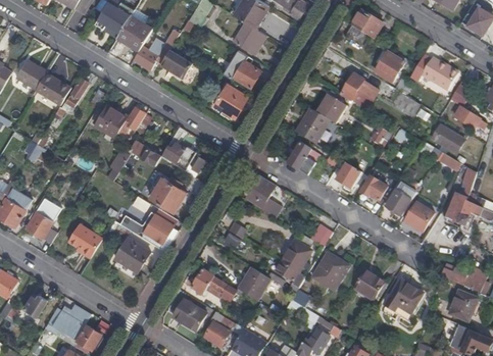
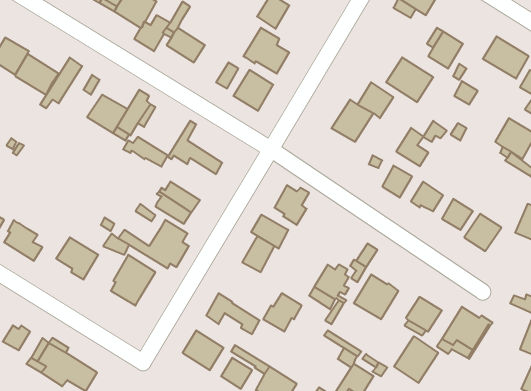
building: [289,143,315,174] -> [396,128,428,166]
building: none -> [251,215,288,249]
building: none -> [394,336,438,383]

